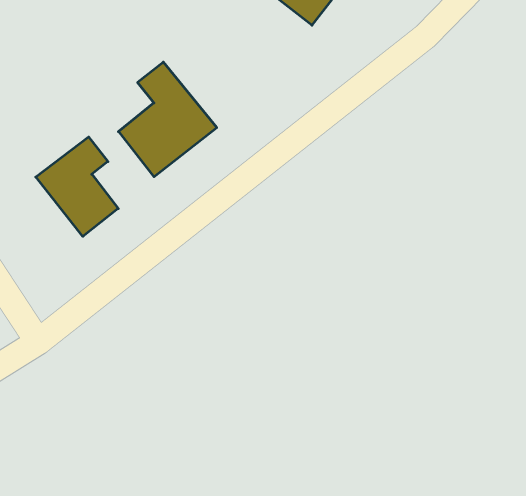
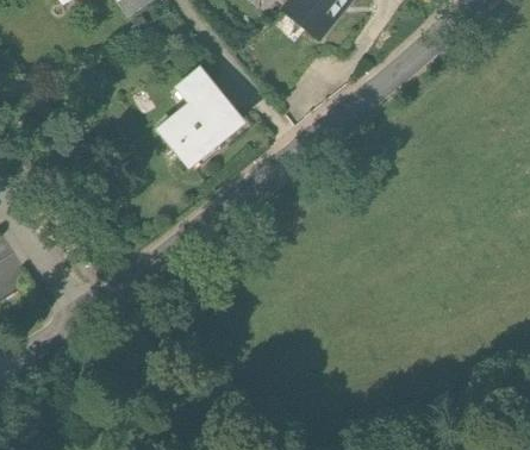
building: [36,137,118,236] -> none

